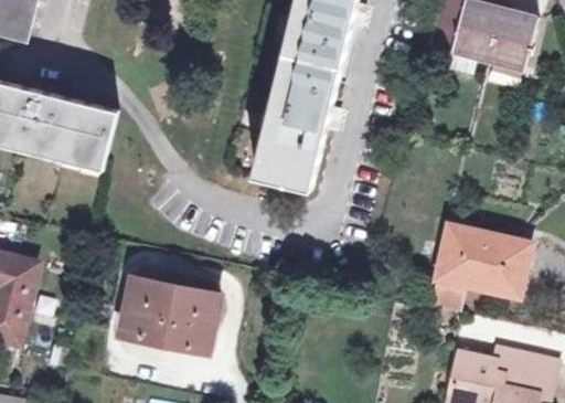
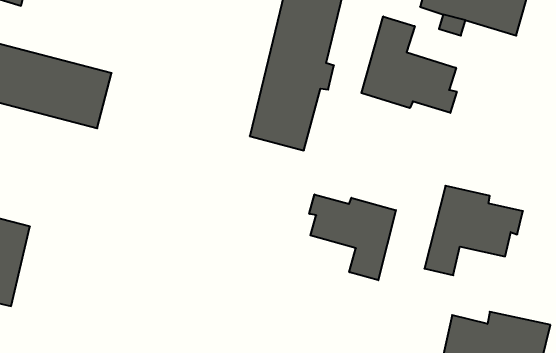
building: none -> [361,16,457,113]
building: none -> [309,194,396,280]
building: [118,276,217,352] -> none

